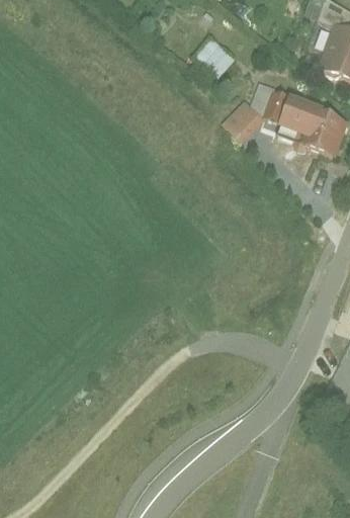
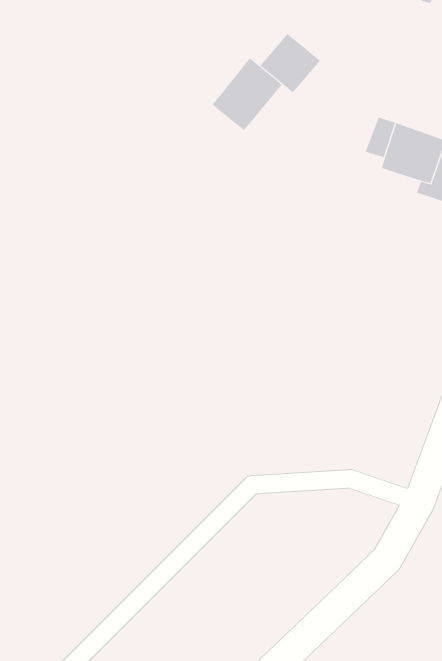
building: none -> [212,57,282,131]
building: [225,98,265,139] -> none

